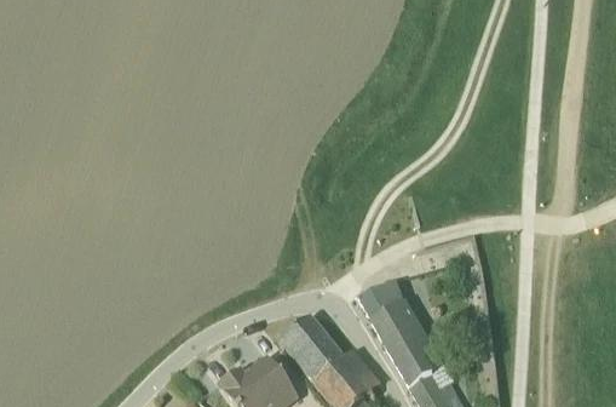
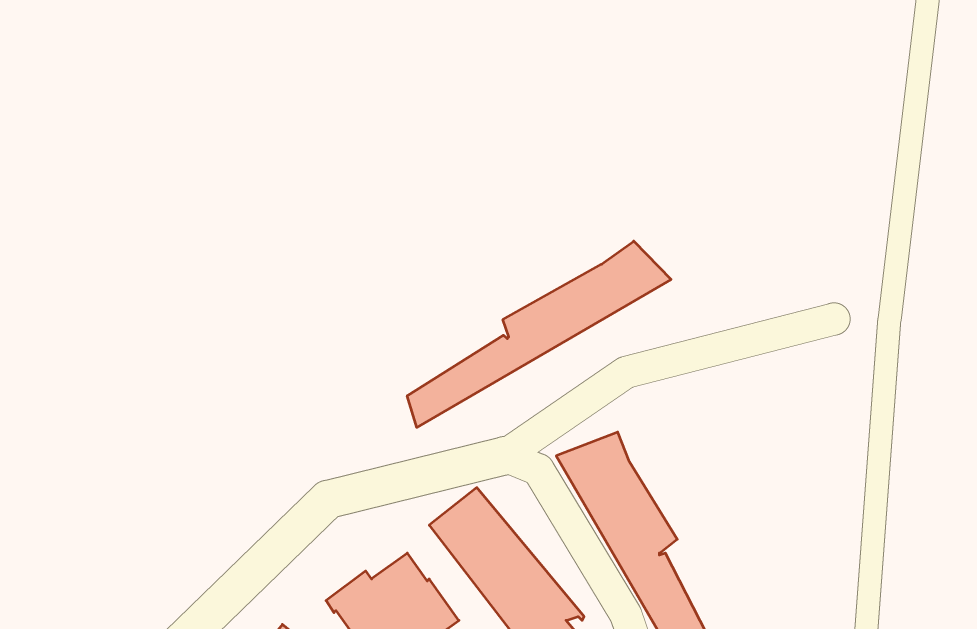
building: none -> [407,241,671,427]

